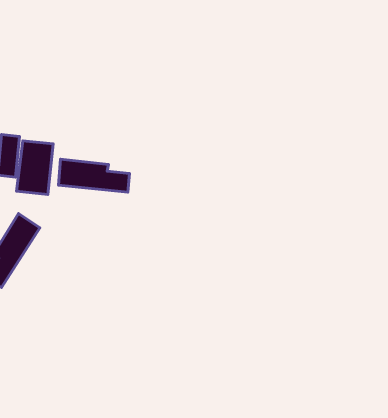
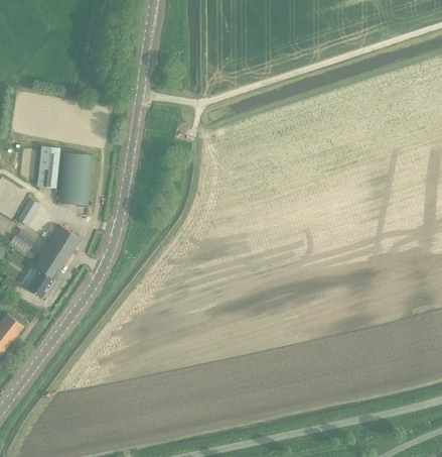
building: [58,159,129,192] -> none

